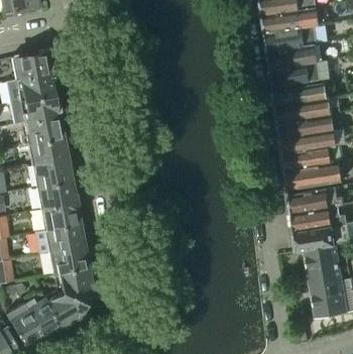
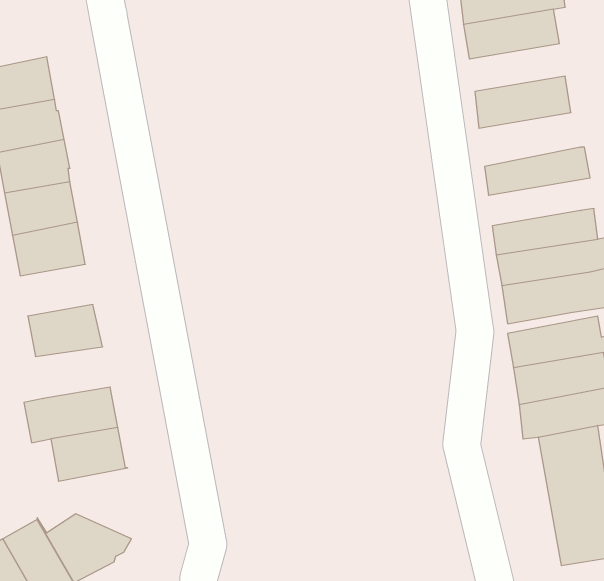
building: [267,43,318,69] -> none
building: [272,83,326,108] -> none
building: [277,114,333,139] -> none
building: [31,159,70,187] -> none
building: [39,203,79,230] -> none
building: [51,266,93,304] -> none

